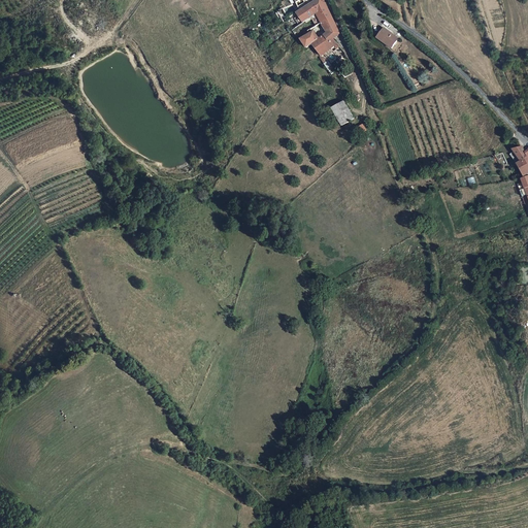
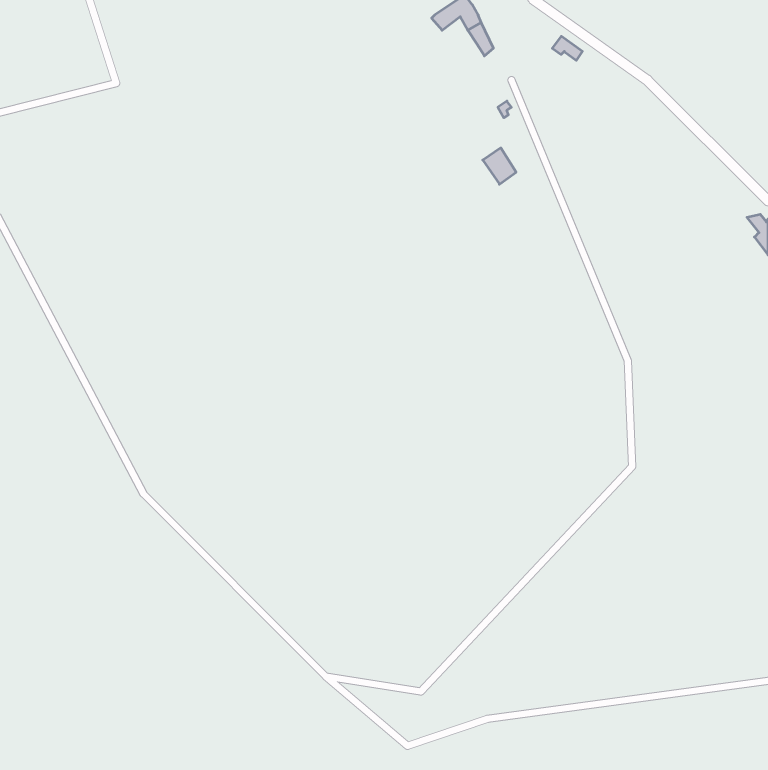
building: [299,30,334,55] -> none

